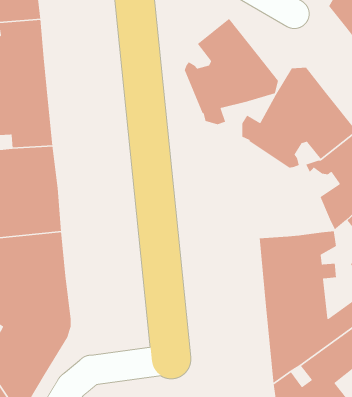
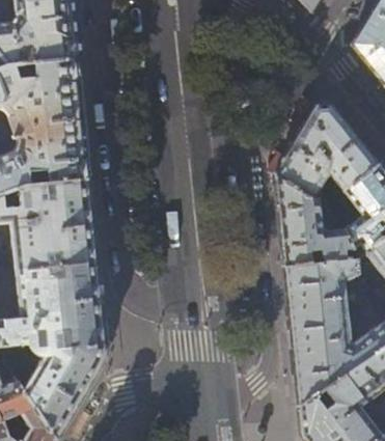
building: [184,18,279,125] -> none
building: none -> [275,174,352,267]

